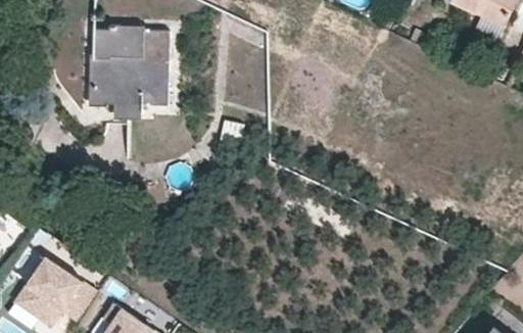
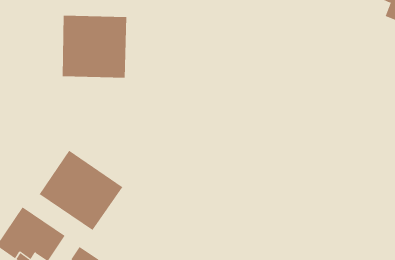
building: none -> [39,150,123,231]

